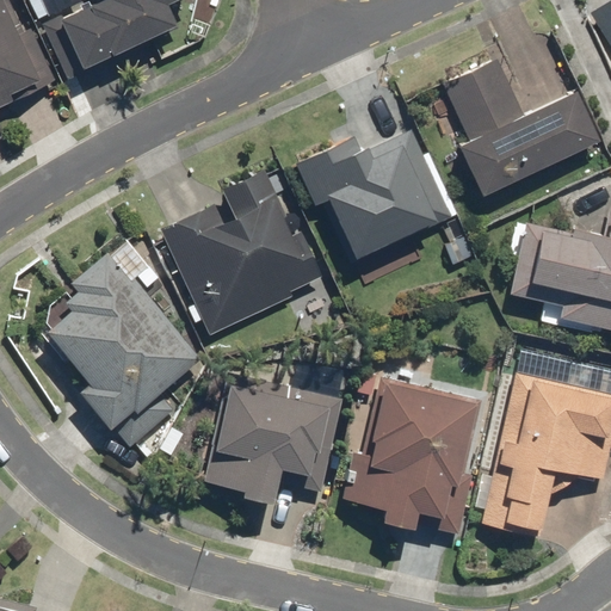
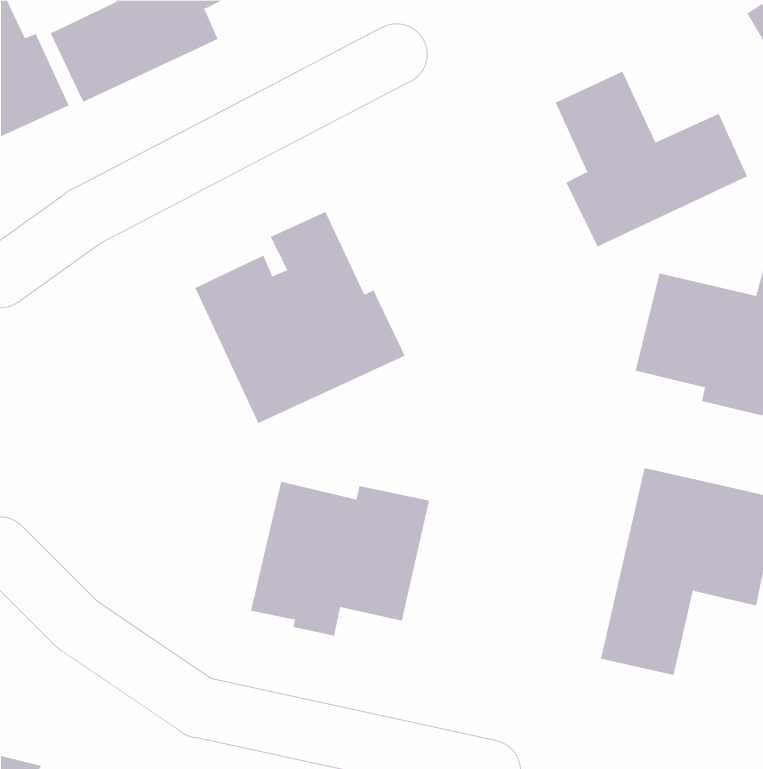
building: [295,129,455,264] -> none
building: [41,236,202,446] -> none
building: [341,377,489,536] -> none

